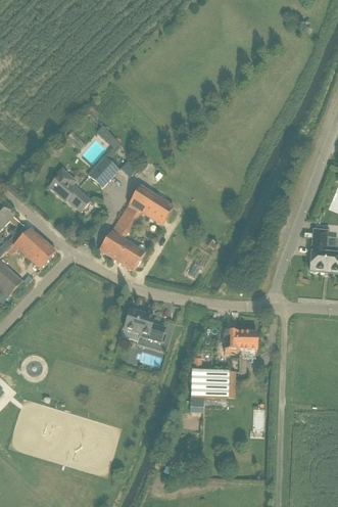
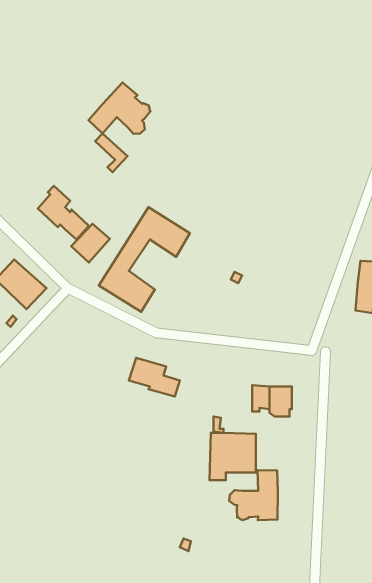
building: none -> [89,83,151,134]
building: [89,154,120,186] -> [71,224,110,262]
building: none -> [229,470,278,520]

